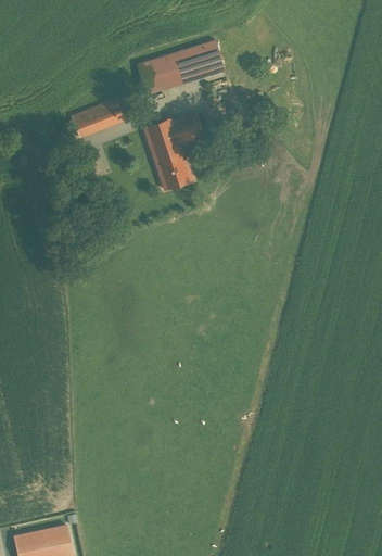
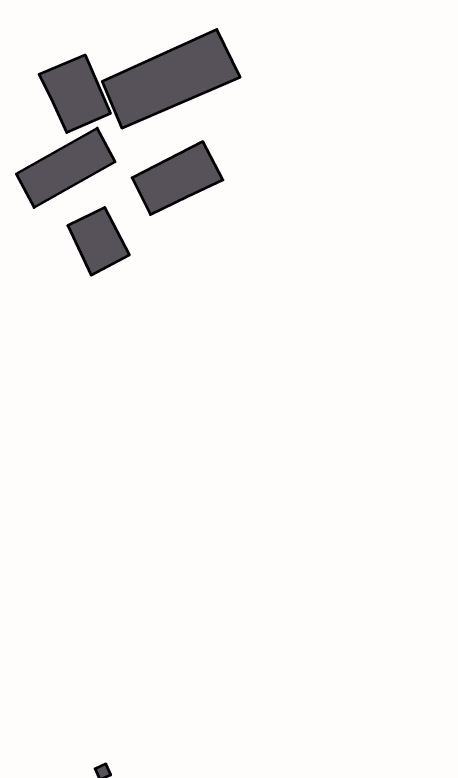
building: none -> [39,55,110,133]
building: [154,147,192,190] -> [68,207,129,275]

